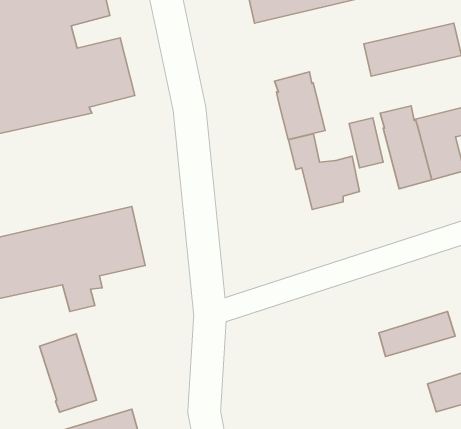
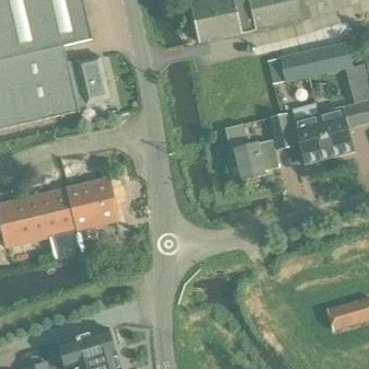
building: [275,72,325,140] -> none
building: [379,312,455,356] -> none
building: [39,334,96,412] -> none

